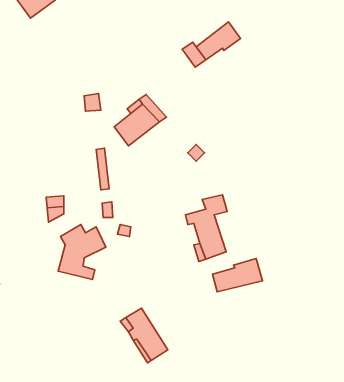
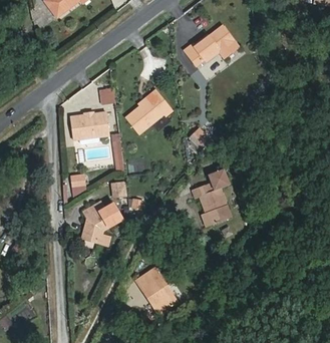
building: none -> [73,112,110,137]
building: [212,259,262,292] -> none

